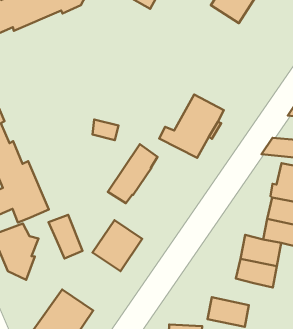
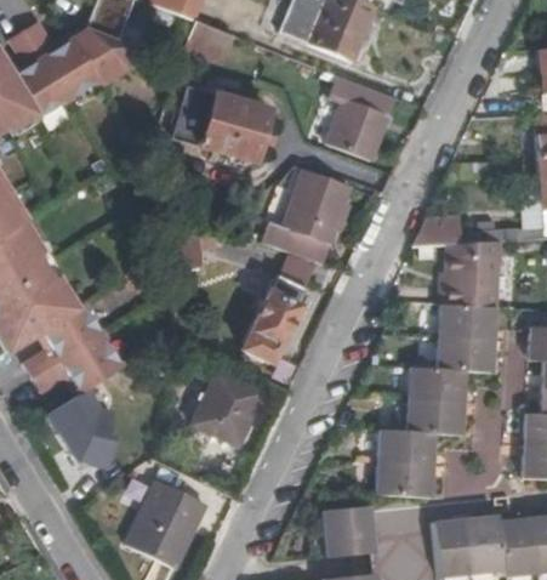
building: none -> [176,85,272,159]
building: none -> [325,75,394,160]
building: [108,144,158,203] -> [245,273,308,360]
building: [49,215,82,259] -> none
building: none -> [375,426,432,462]

